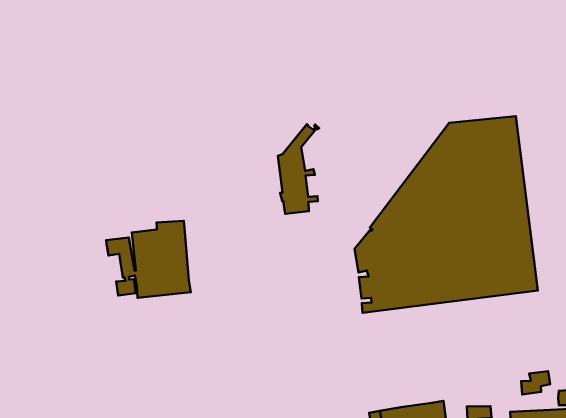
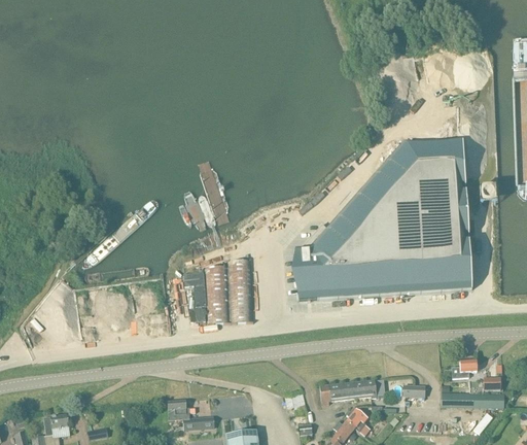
building: [278,124,319,214] -> [295,222,332,299]
building: [106,221,191,298] -> [183,260,253,323]

